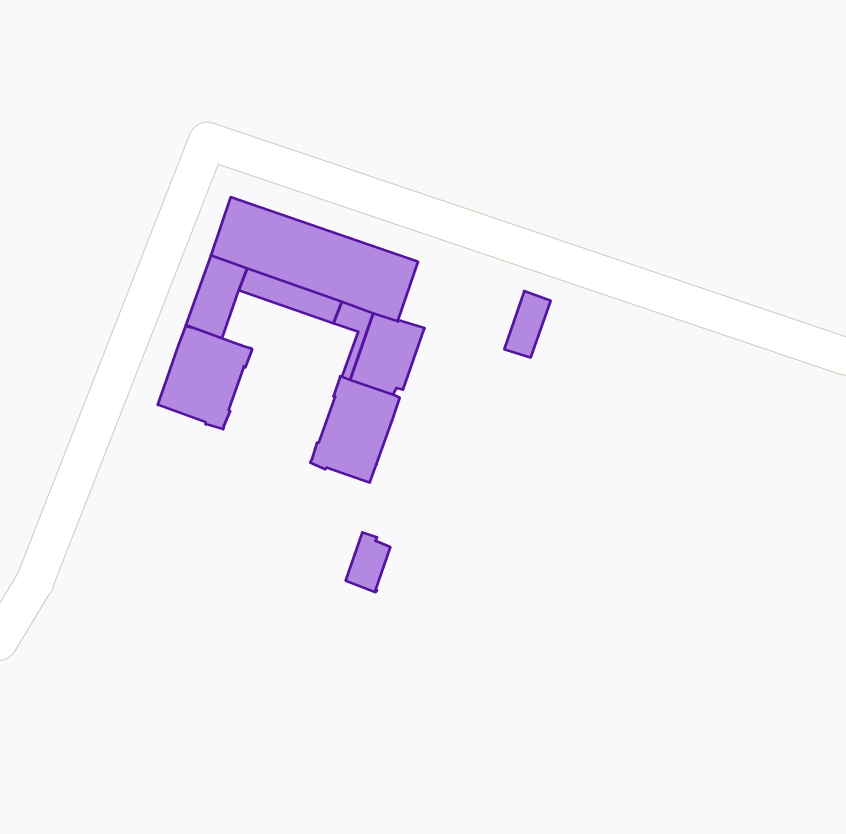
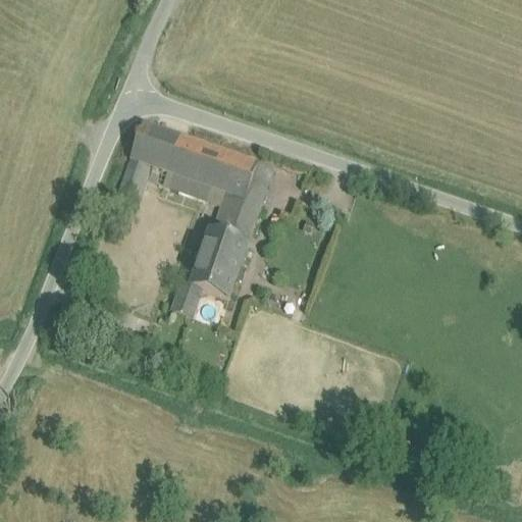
building: [504,291,551,357] -> [245,161,273,202]
building: [158,326,252,429] -> none
building: [346,532,390,592] -> [172,279,200,316]

